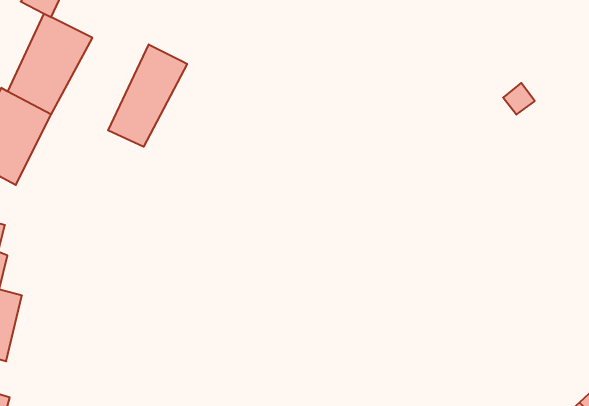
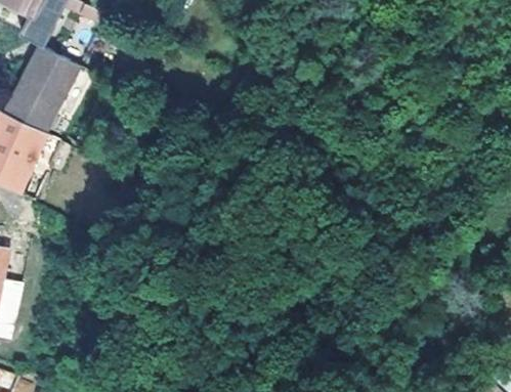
building: [108,44,187,147] -> none

